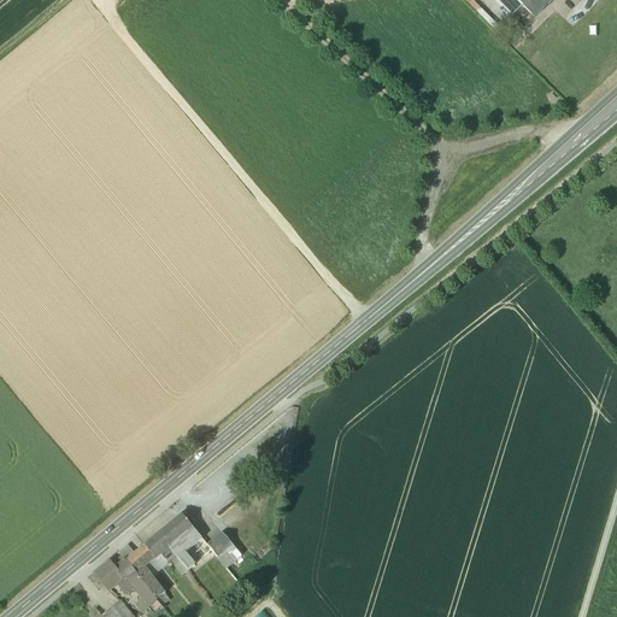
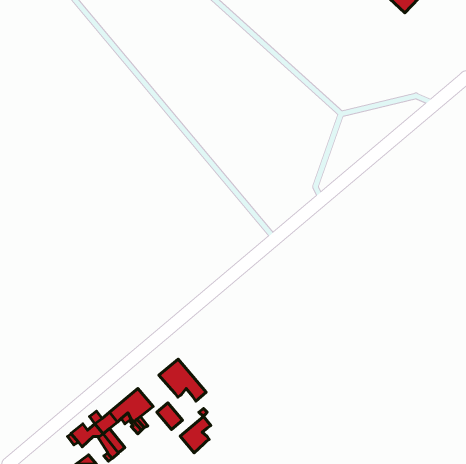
building: none -> [159,359,206,401]
building: none -> [180,417,211,453]

